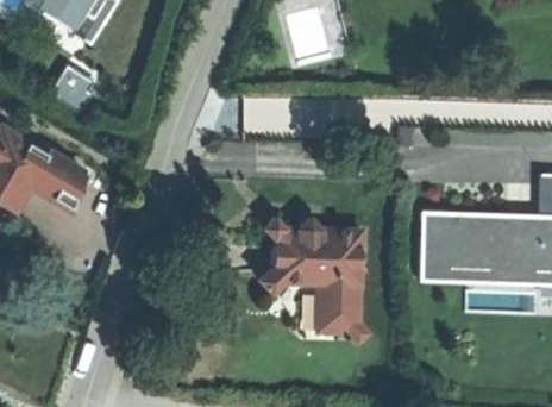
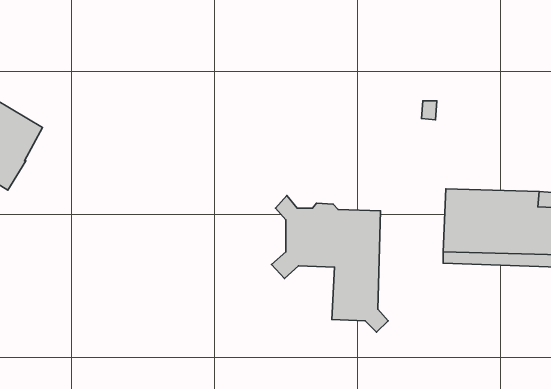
building: [51,65,93,112] -> none
building: [31,150,83,211] -> none

